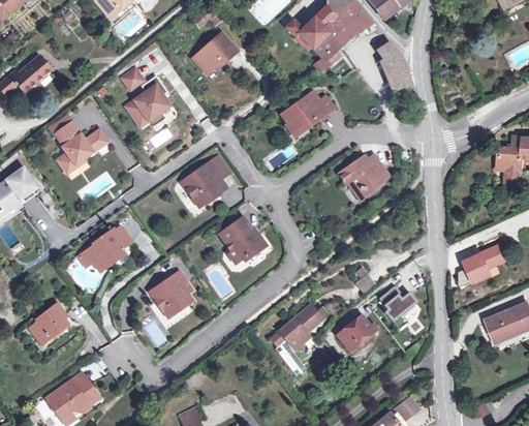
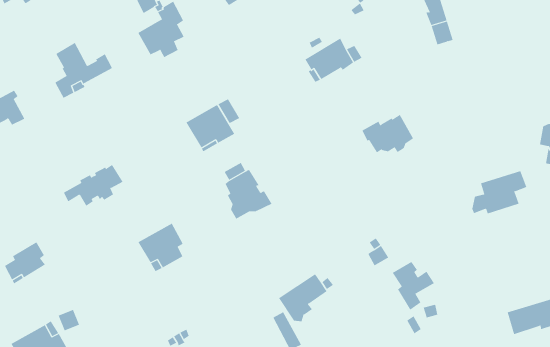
building: [460,243,507,286] -> [472,170,527,214]
building: [338,313,374,351] -> none

